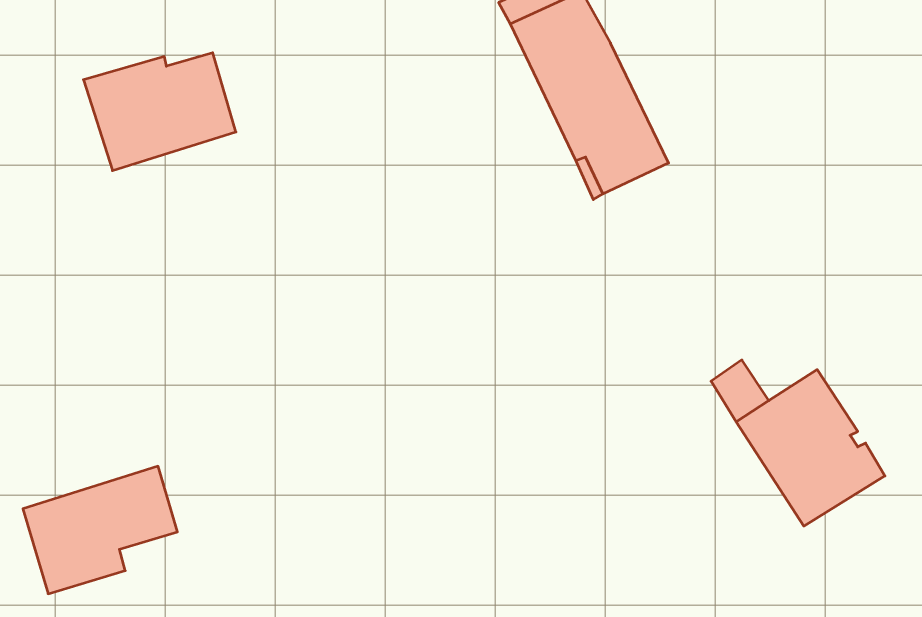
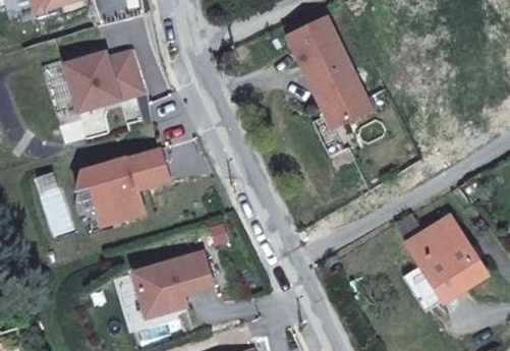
building: none -> [76,155,168,226]
building: [23,466,177,594] -> [131,251,213,318]

